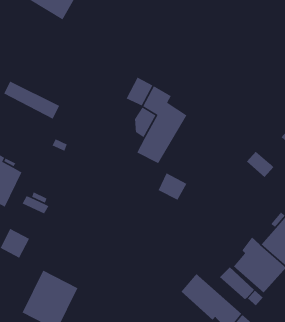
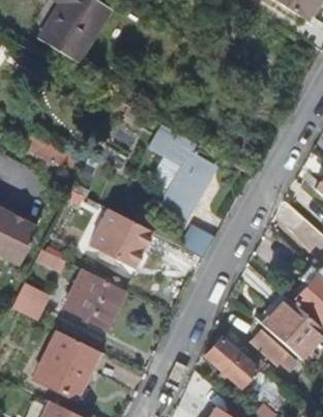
building: none -> [90,209,152,267]
building: none -> [63,270,124,329]

